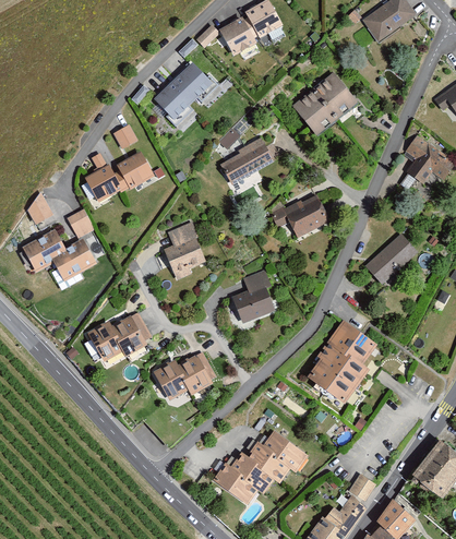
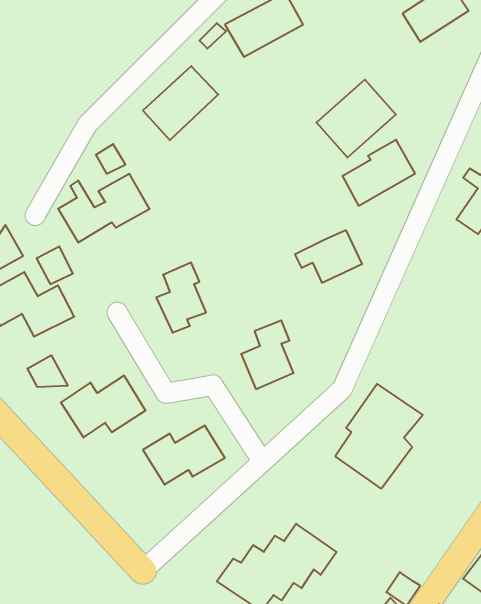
building: [218,134,277,188] -> [342,140,415,206]
building: [363,232,417,283] -> none
building: none -> [27,355,68,387]

